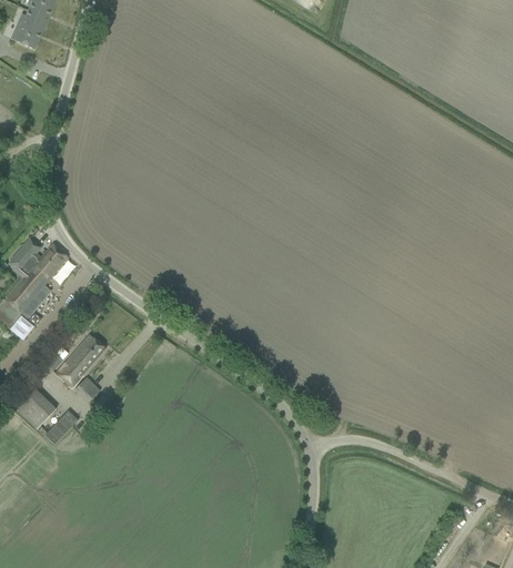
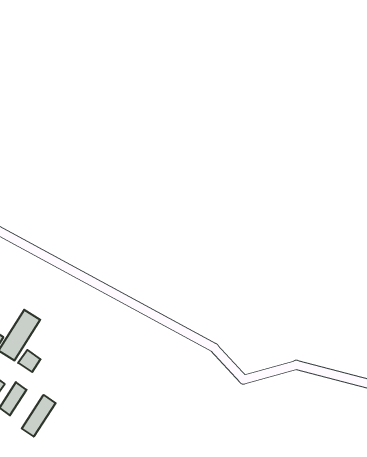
building: none -> [22,395,56,437]

